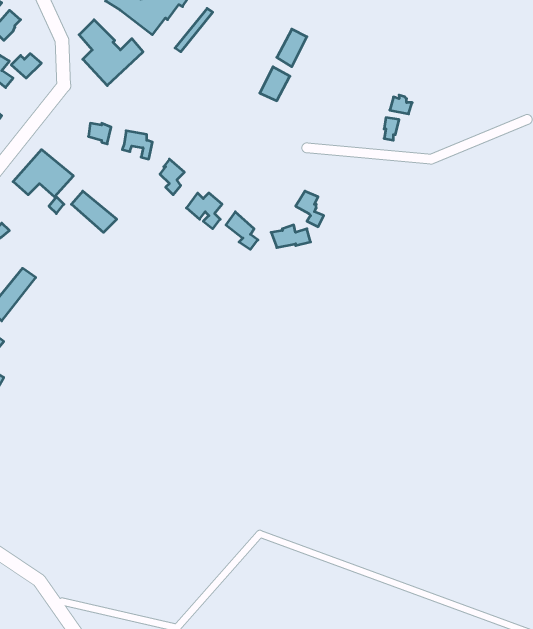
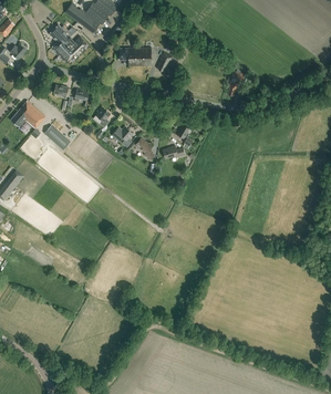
building: none -> [121,48,152,66]

